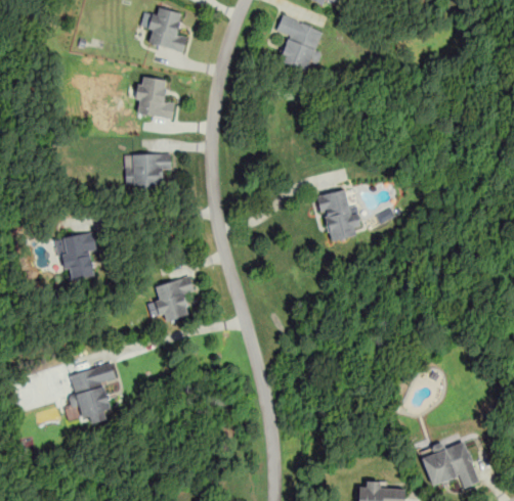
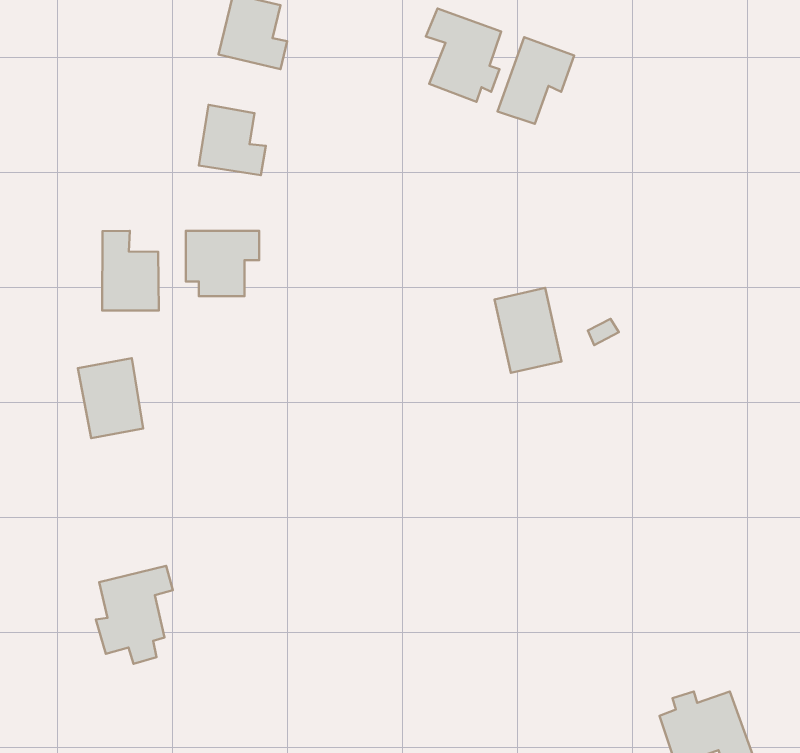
building: none -> [497,37,574,124]
building: none -> [102,231,159,310]
building: [152,275,195,323] -> none

